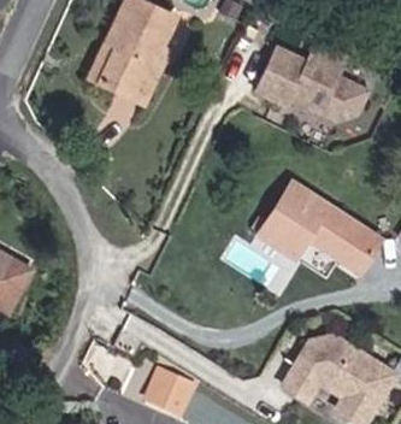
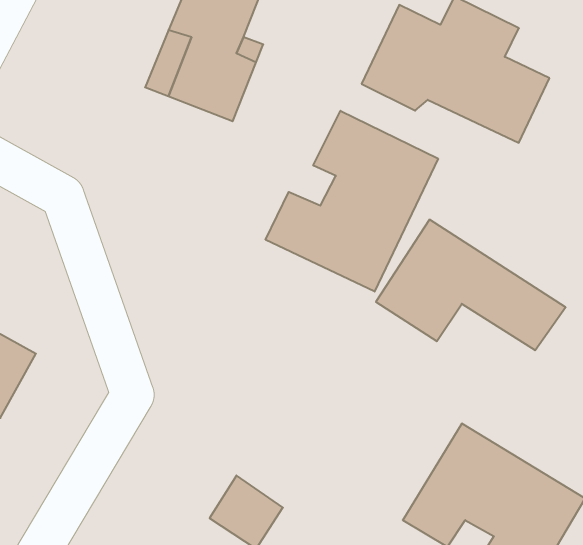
building: none -> [266,111,438,292]

